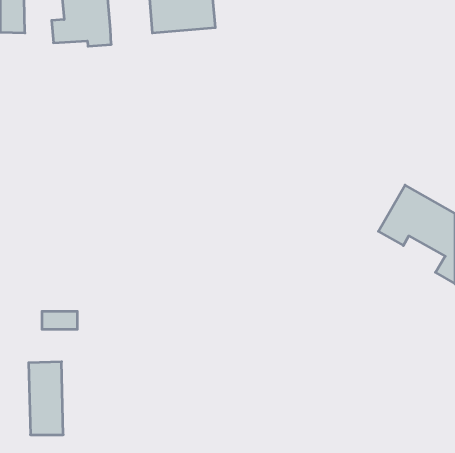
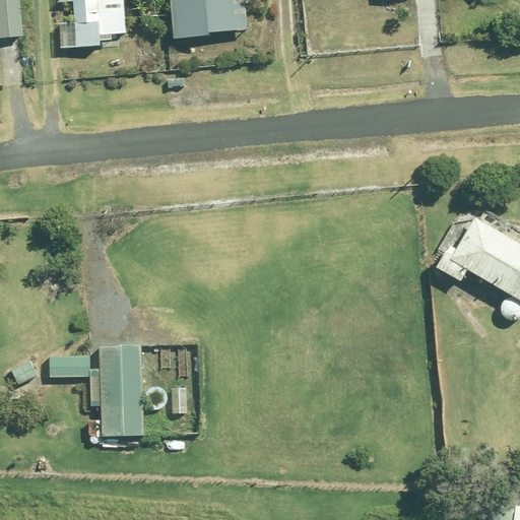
building: [29,362,63,435] -> [102,348,141,432]

